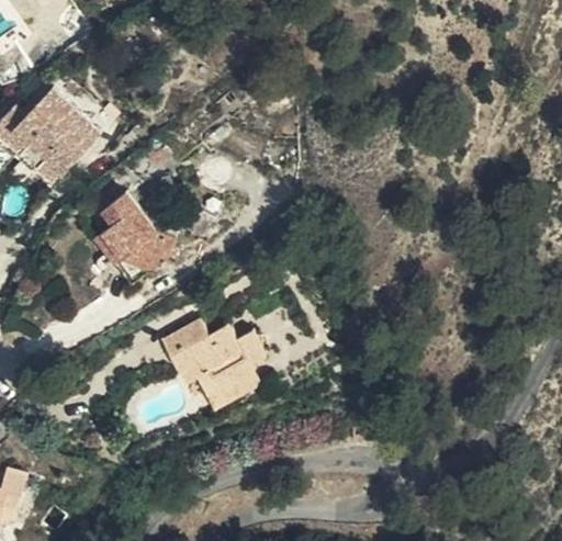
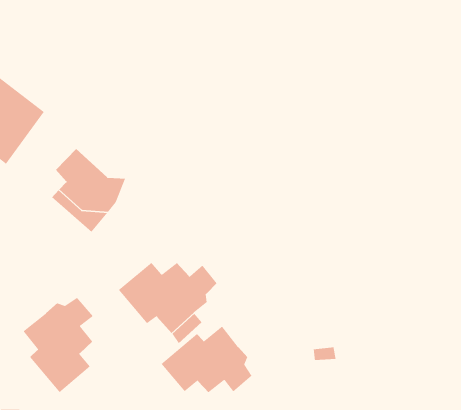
building: none -> [22,297,94,393]
building: none -> [160,326,253,393]

